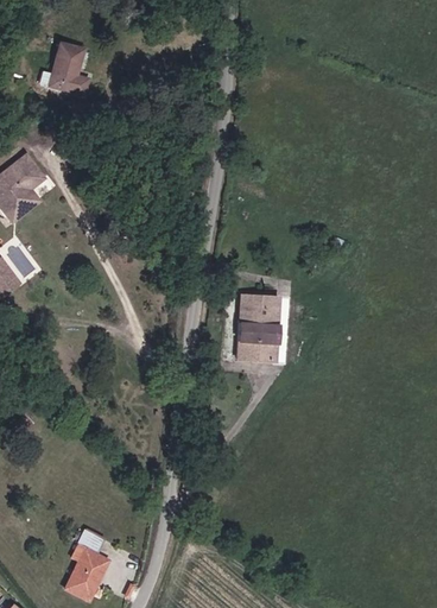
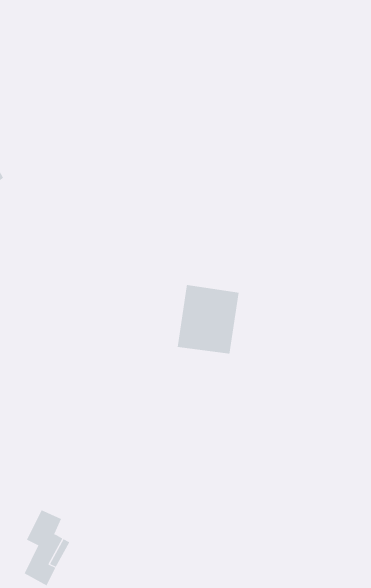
building: [50,40,89,90] -> none

